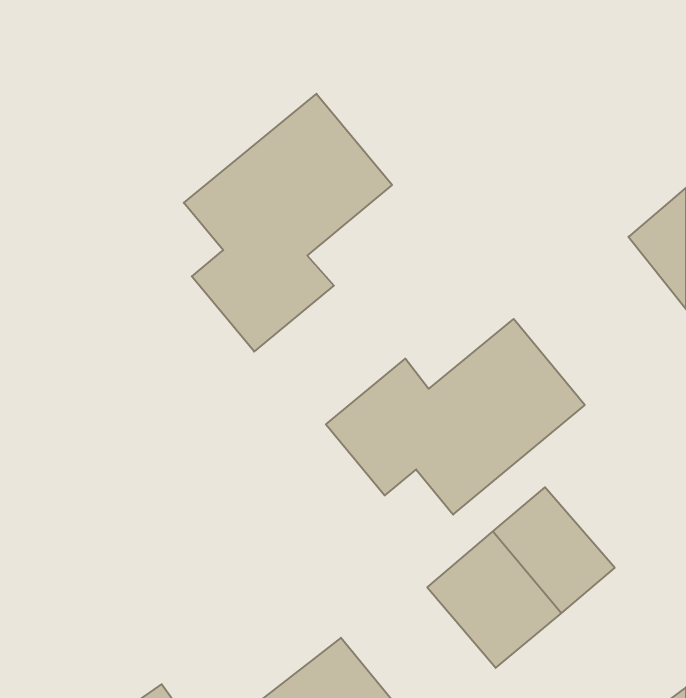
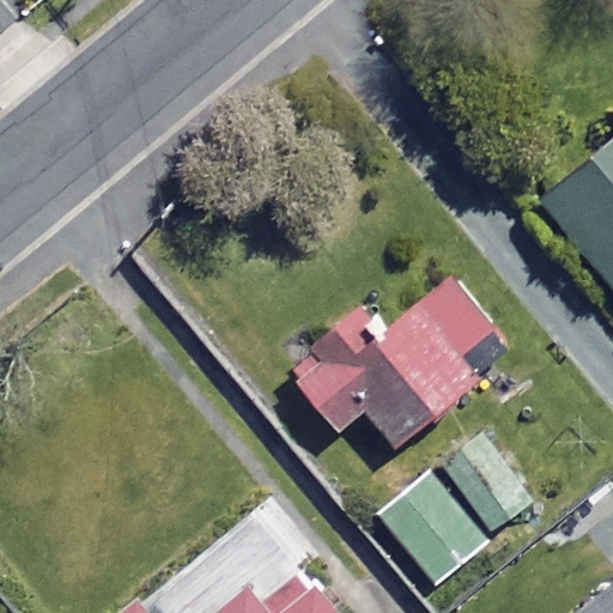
building: [184,94,392,352] -> none

